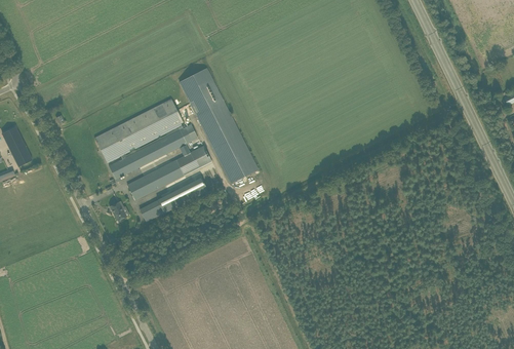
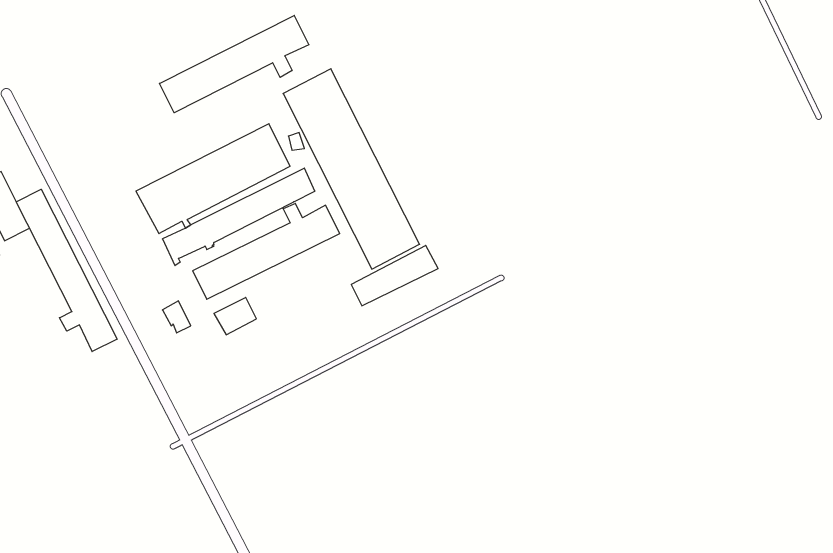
building: none -> [159,15,309,113]
building: none -> [16,189,117,352]
building: [158,177,208,211] -> [351,245,438,306]

